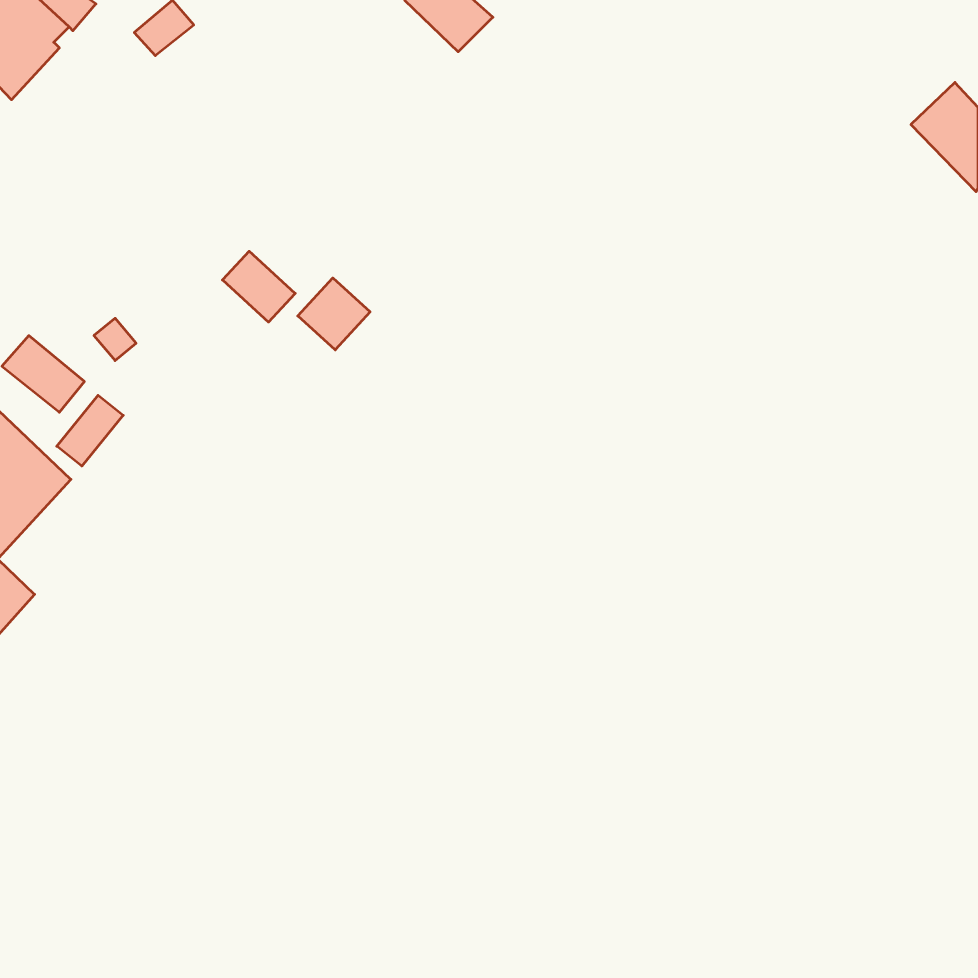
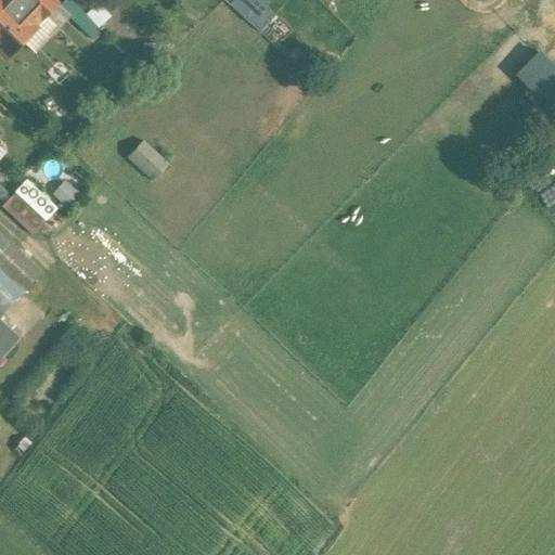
building: [298,278,370,350] -> none
building: [57,395,123,466] -> none

